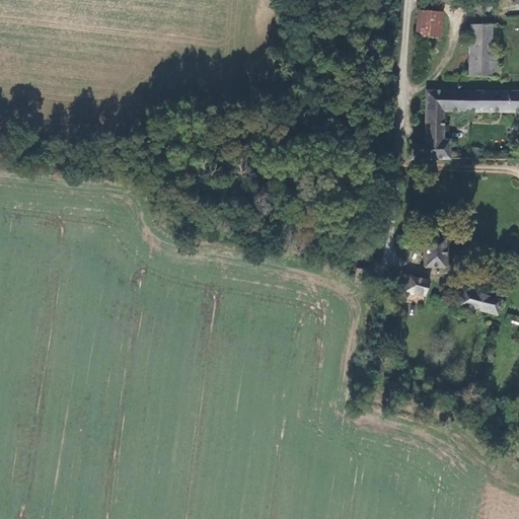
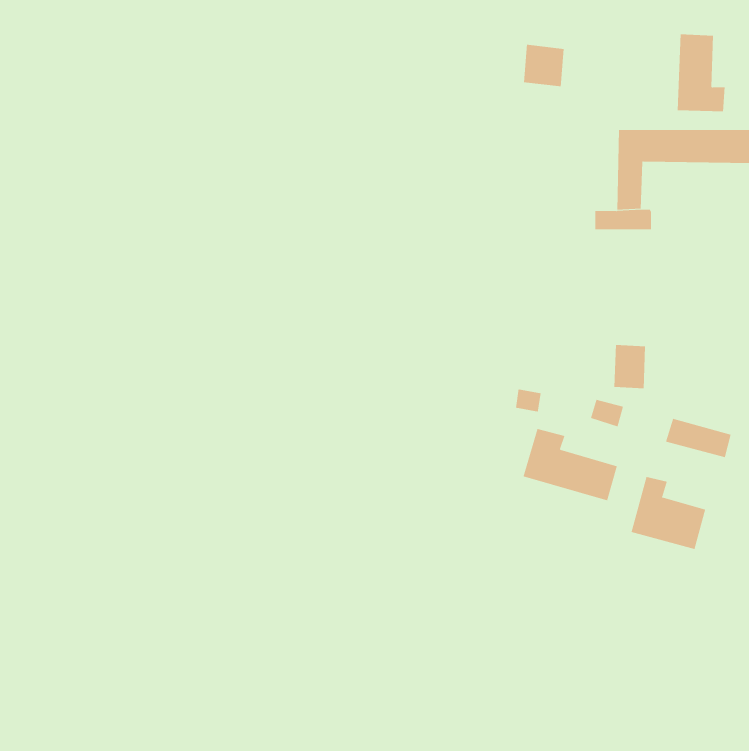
building: [417,8,445,38] -> [523,44,565,87]
building: none -> [523,428,617,501]
building: none -> [631,476,706,550]

